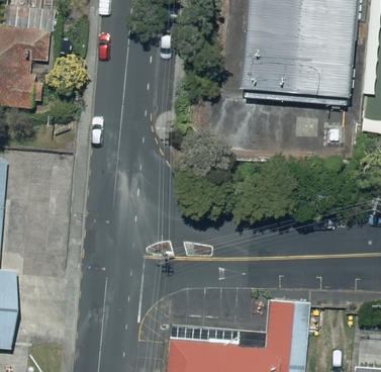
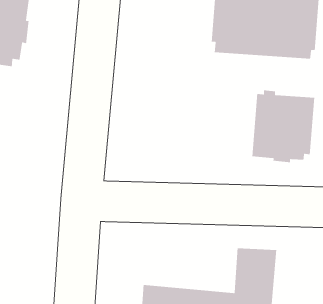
building: none -> [252,90,315,163]

